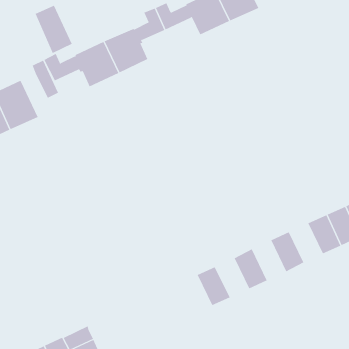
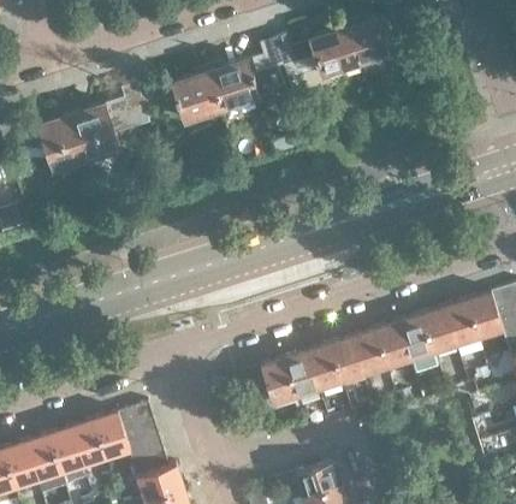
building: [35,5,72,54] -> none
building: none -> [397,315,433,361]
building: none -> [351,330,387,376]
building: none -> [306,345,342,391]
building: none -> [260,360,296,407]

